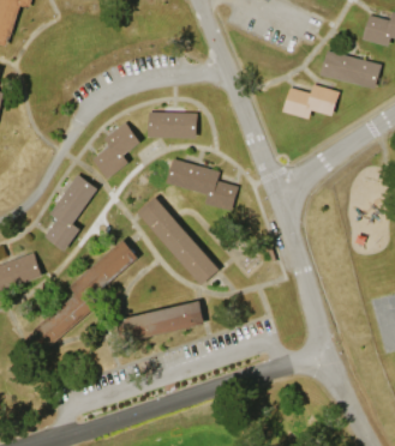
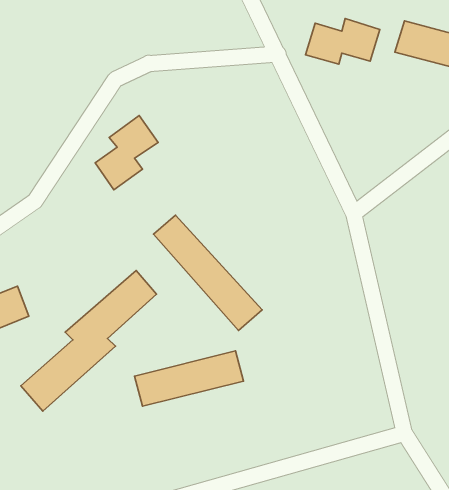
building: [282,84,339,119] -> [306,18,380,64]
building: [148,113,196,138] -> none
building: [166,159,237,211] -> none
building: [43,175,97,252] -> none

